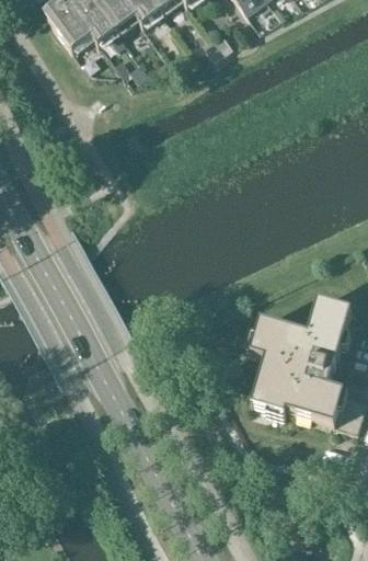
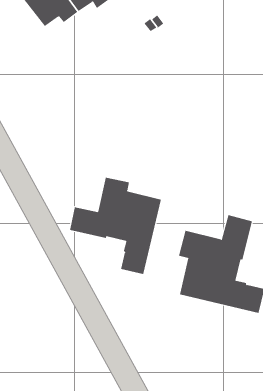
building: none -> [69,177,161,275]

